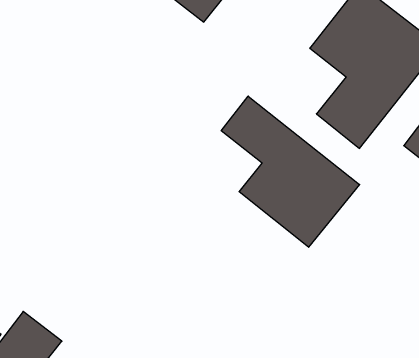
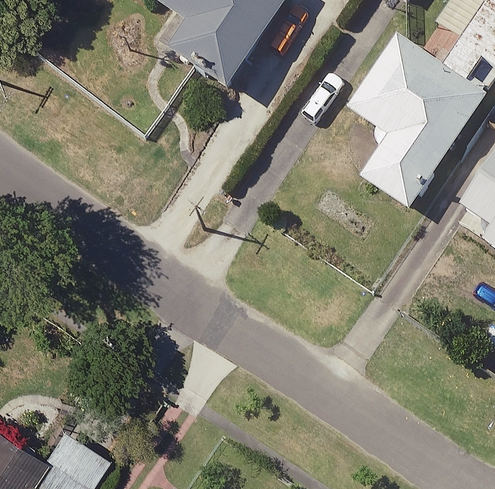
building: [221,96,360,247] -> none

